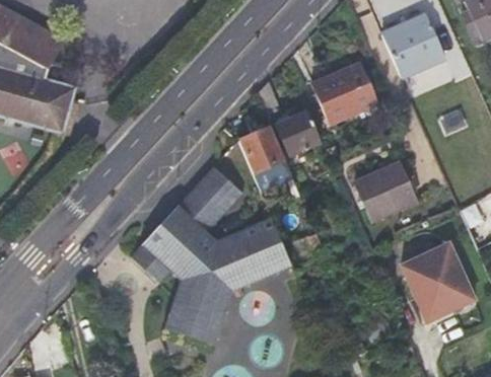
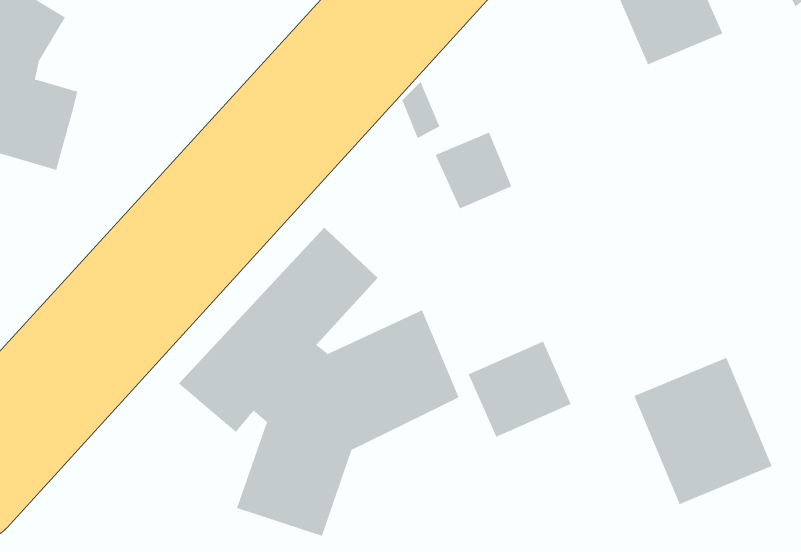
building: [313,62,380,125] -> none
building: [239,127,294,193] -> none
building: [353,160,413,216] -> [468,341,572,437]

